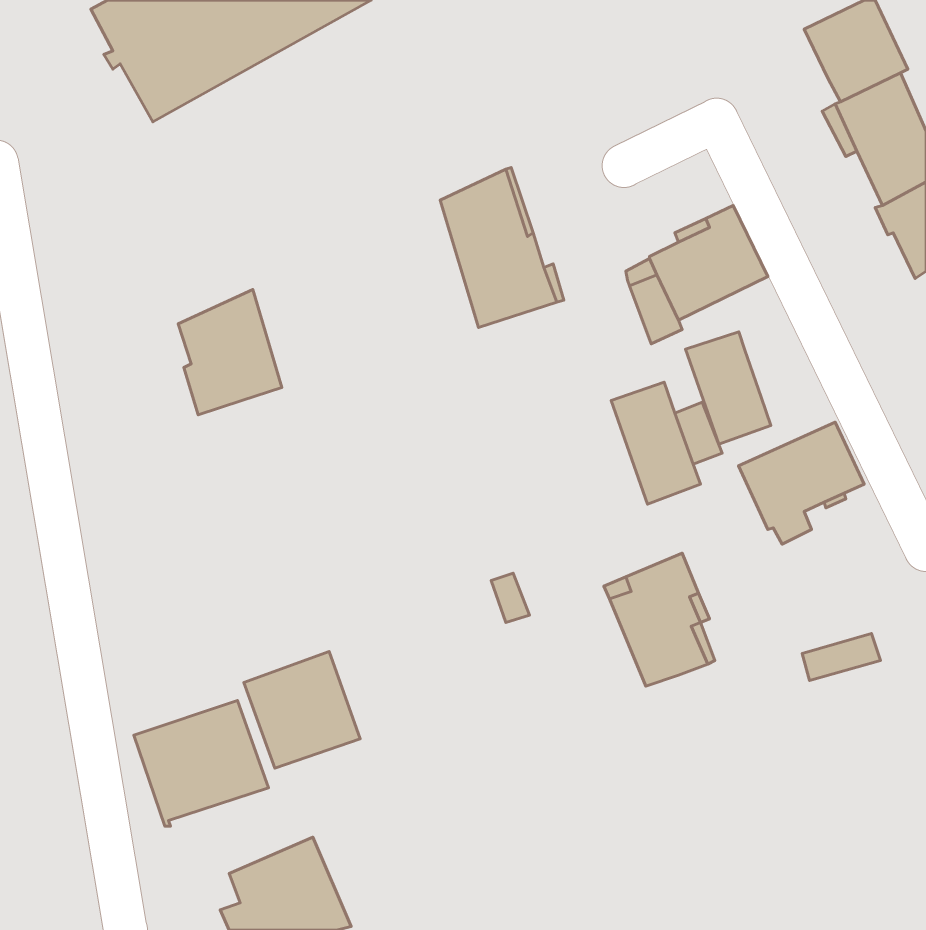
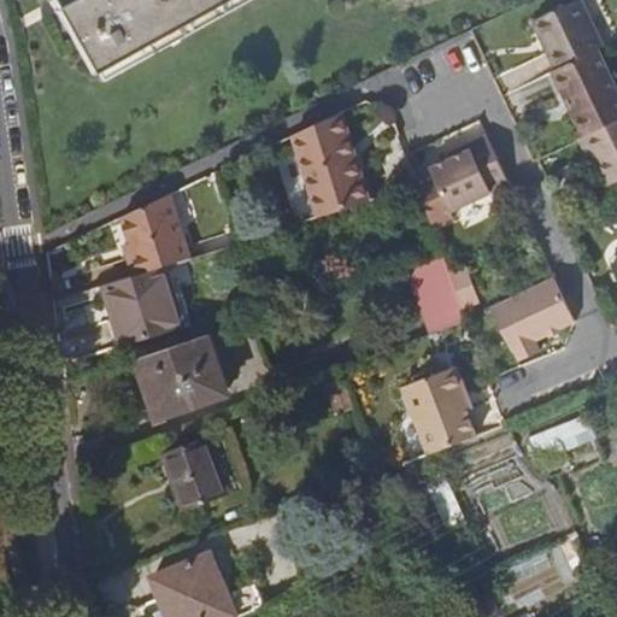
building: [685,332,771,444] -> none
building: none -> [104,265,178,343]
building: [134,701,269,826] -> [135,334,224,417]

